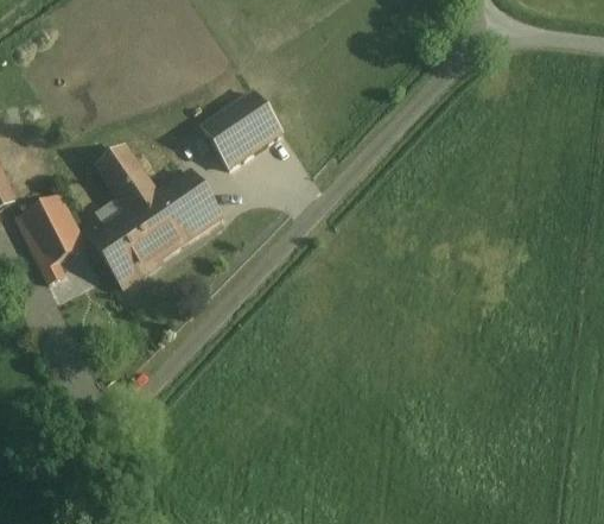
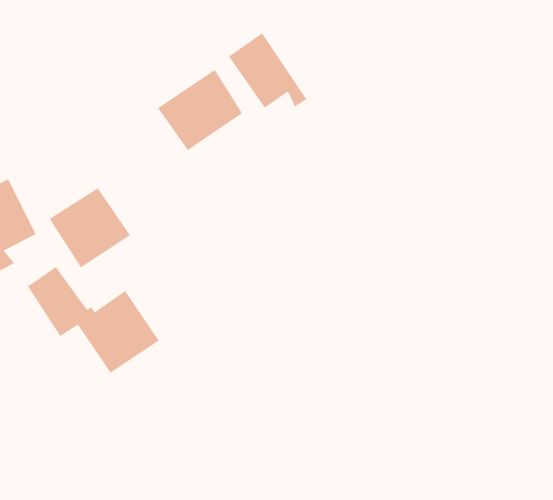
building: none -> [228,33,307,108]
building: [96,147,221,248] -> [27,266,159,373]

